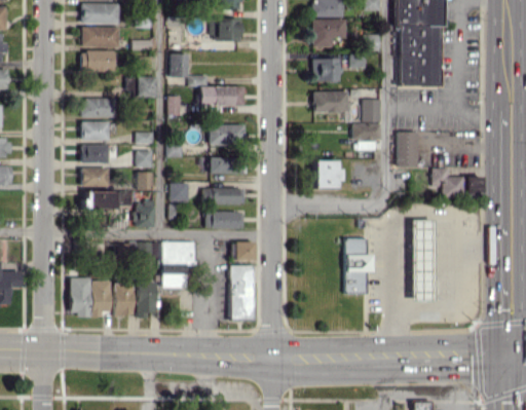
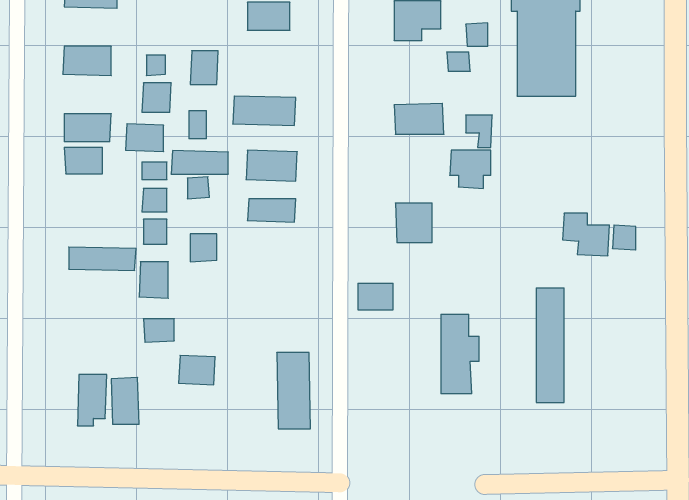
building: [82,27,120,47] -> none
building: [309,59,340,82] -> none
building: [398,132,419,166] -> none
building: [82,144,109,163] -> [126,124,164,152]
building: [82,167,110,184] -> none
building: [204,187,245,203] -> [171,151,228,174]
building: [212,212,245,228] -> none
building: [161,241,195,264] -> none
building: [232,241,257,260] -> [358,283,393,310]
building: [71,277,91,315] -> none
building: [137,281,156,315] -> none

